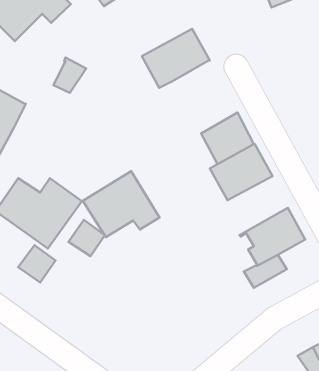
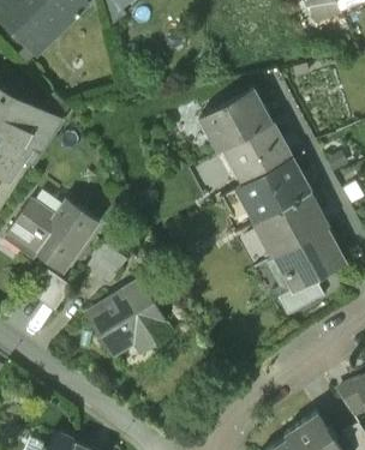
building: [142,29,210,88] -> [197,90,271,155]
building: [53,58,86,93] -> [25,112,61,150]
building: [83,171,160,237] -> [86,281,170,353]
building: none -> [255,194,328,259]

